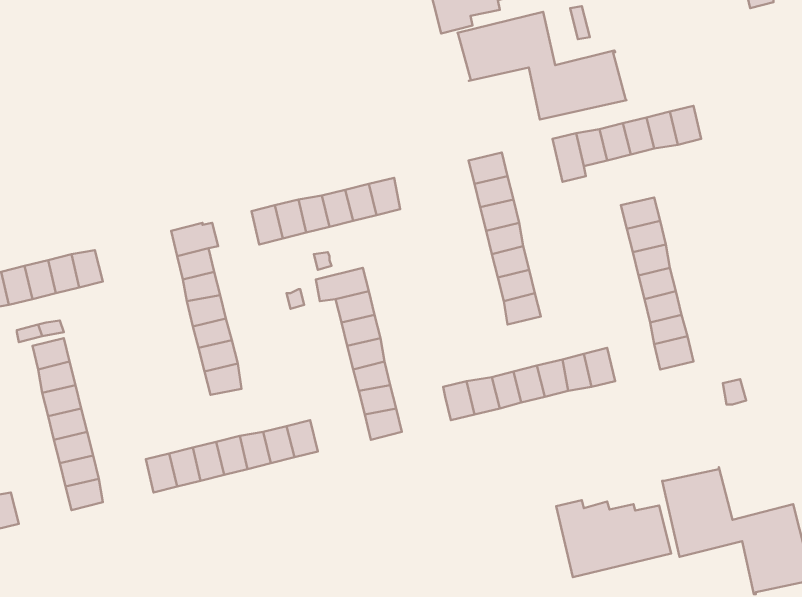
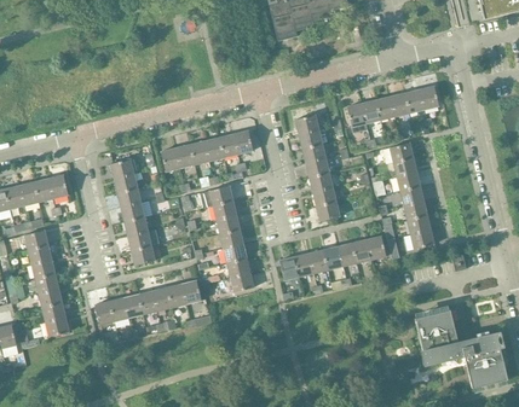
building: [457,12,626,120] -> none
building: [556,500,671,577] -> none

